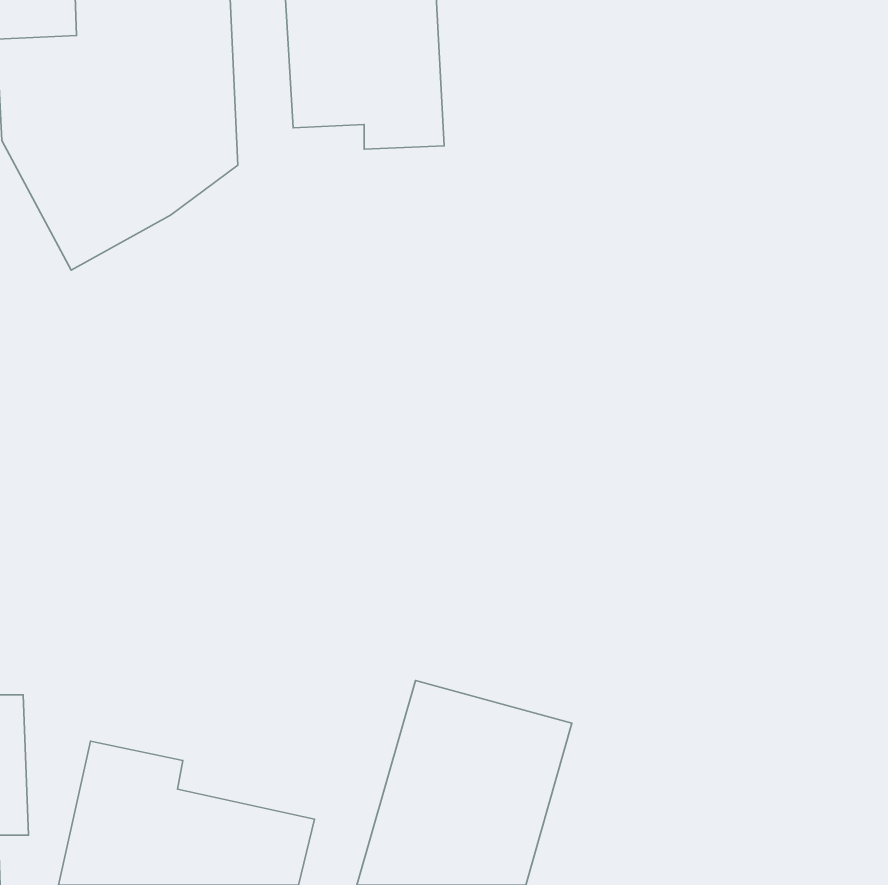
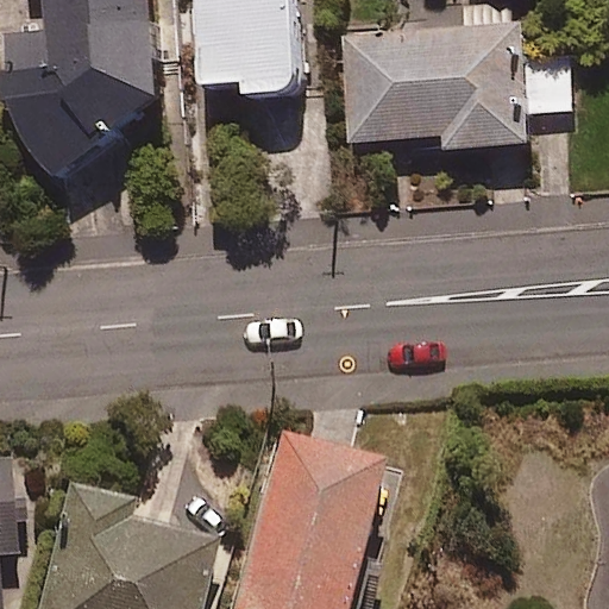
building: none -> [341,23,563,147]

